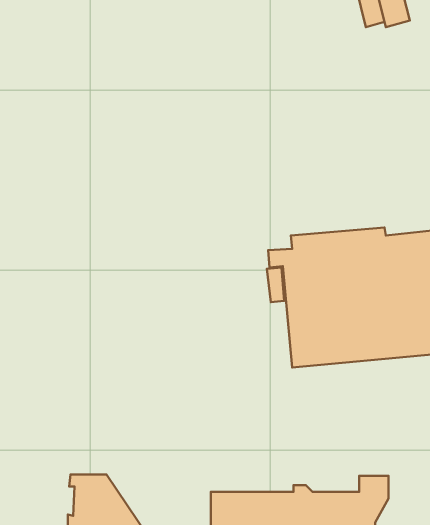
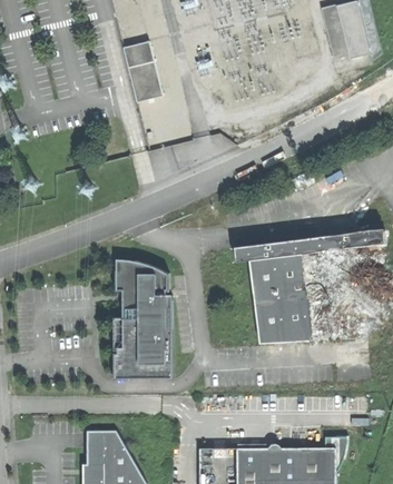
building: none -> [124,42,164,102]
building: none -> [111,259,171,379]

